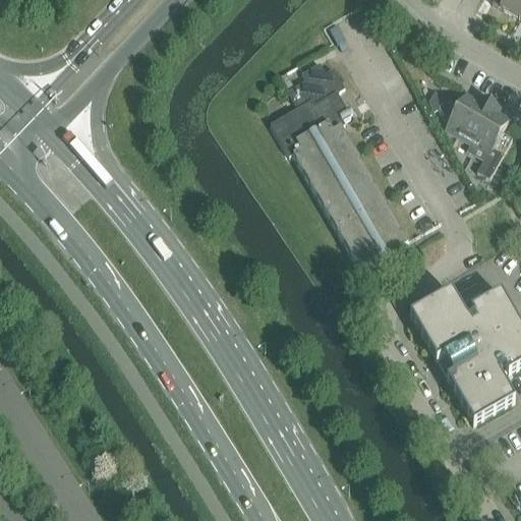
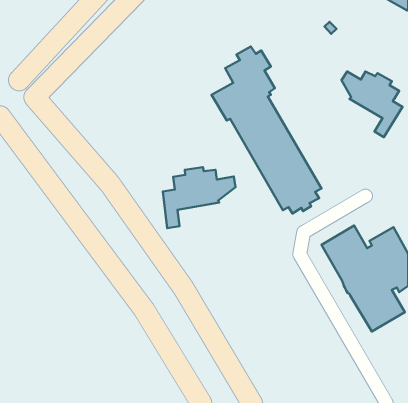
building: none -> [163,167,236,228]

